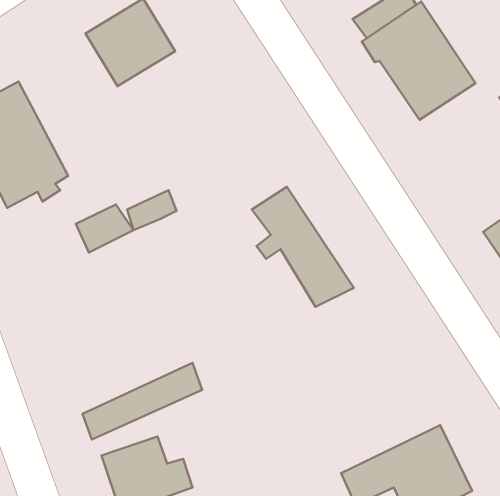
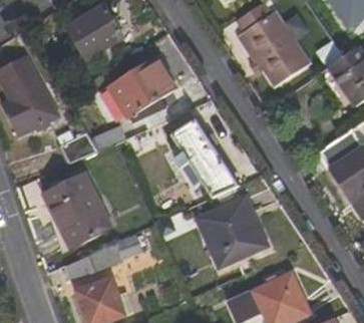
building: none -> [106,57,173,124]
building: none -> [42,177,108,246]
building: none -> [196,195,264,264]

